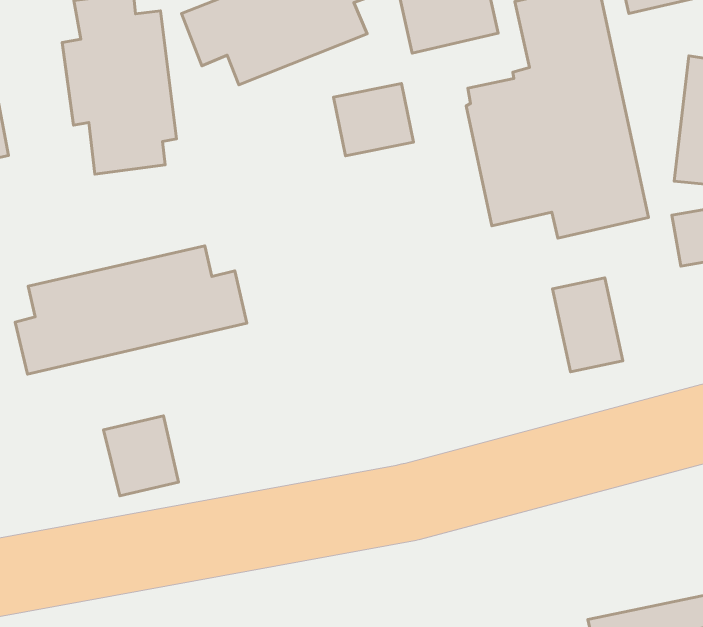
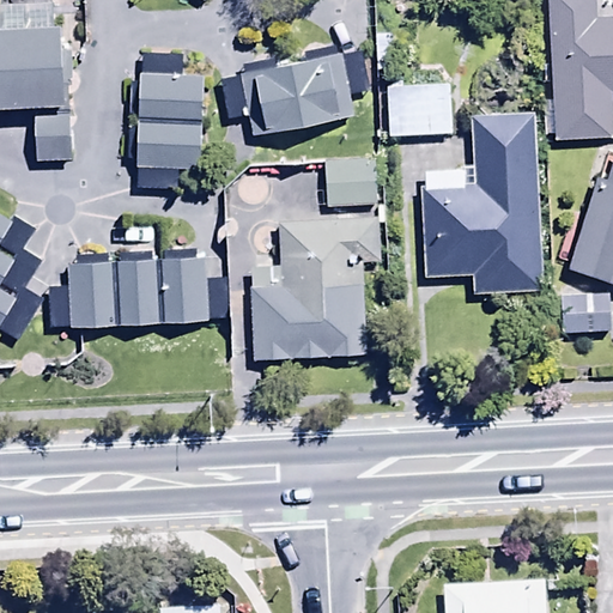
building: none -> [249,217,394,358]
building: [553,278,623,372] -> none
building: [104,416,178,496] -> none

